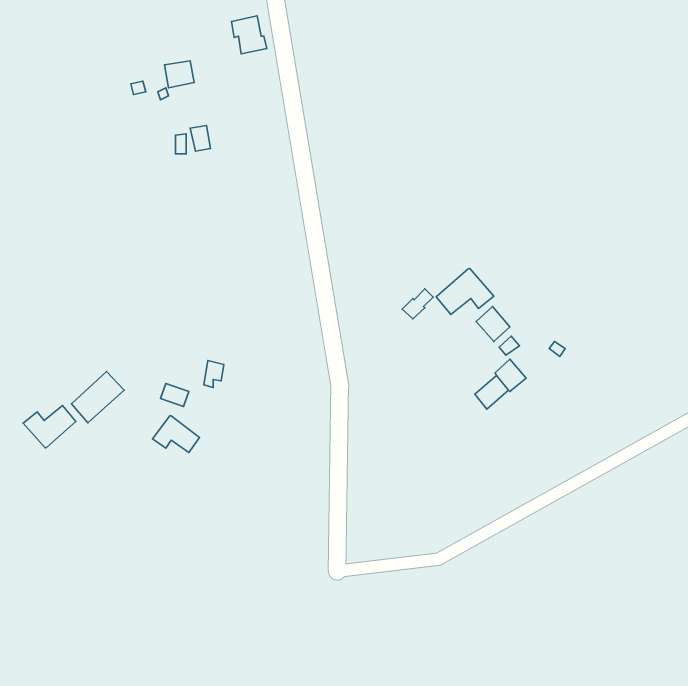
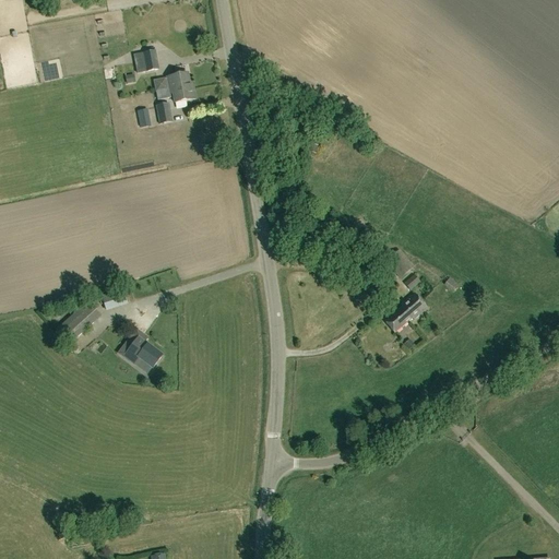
building: [232,16,267,54] -> [166,71,194,102]
building: [436,269,494,314] -> none
building: [23,406,76,448] -> none

